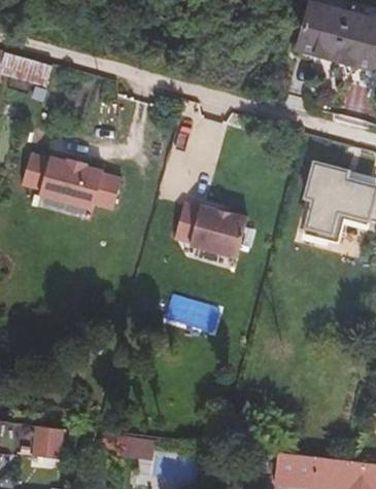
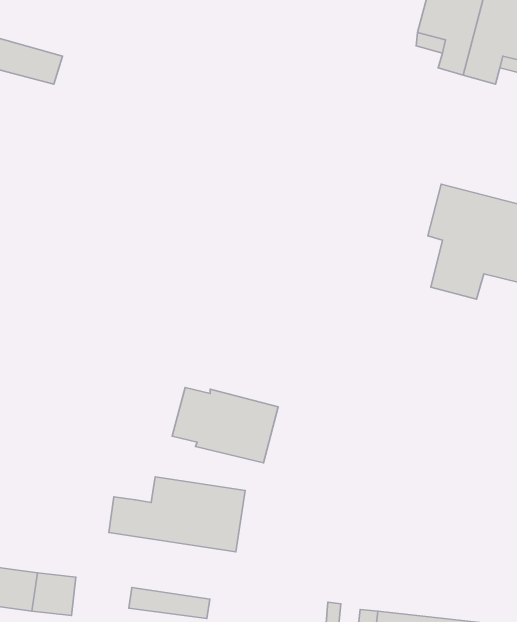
building: [19,155,118,209] -> none
building: [173,206,247,258] -> [172,388,278,463]
building: none -> [109,477,245,552]

